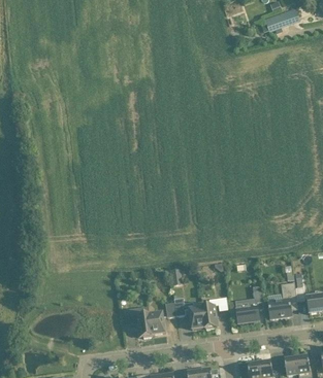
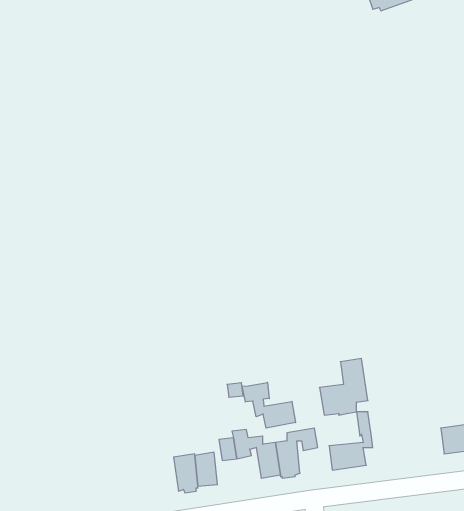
building: none -> [242,382,296,428]
building: [267,282,298,318] -> [319,358,368,415]

